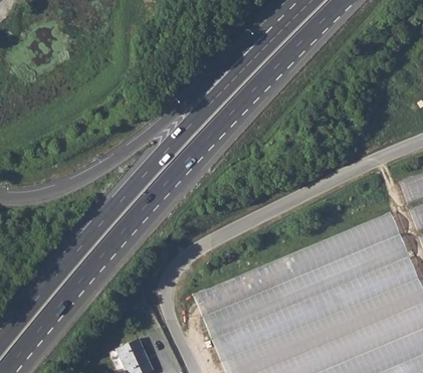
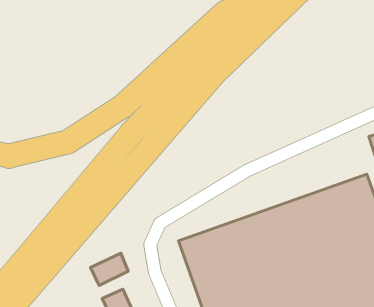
building: none -> [91,253,128,285]

